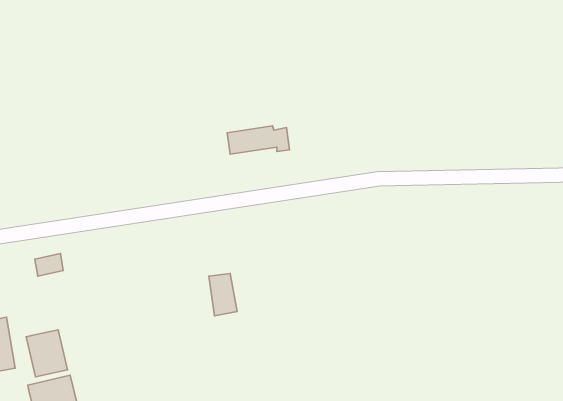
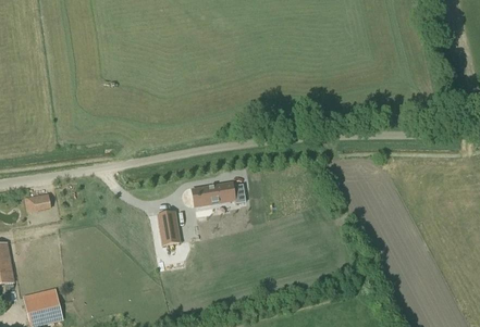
building: [227,126,289,154] -> [195,181,243,203]
building: [26,330,67,377] -> none

